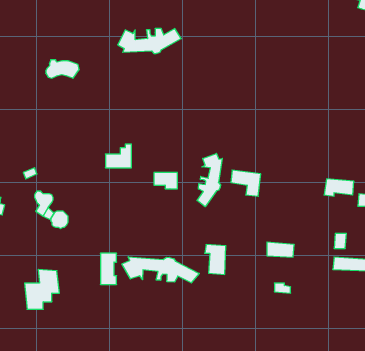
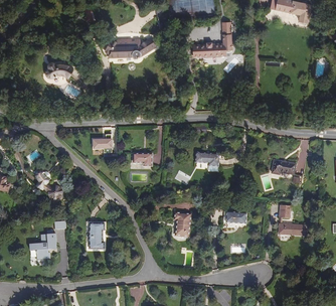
building: none -> [191,21,230,55]
building: [197,153,222,207] -> none
building: [122,257,199,283] -> none

